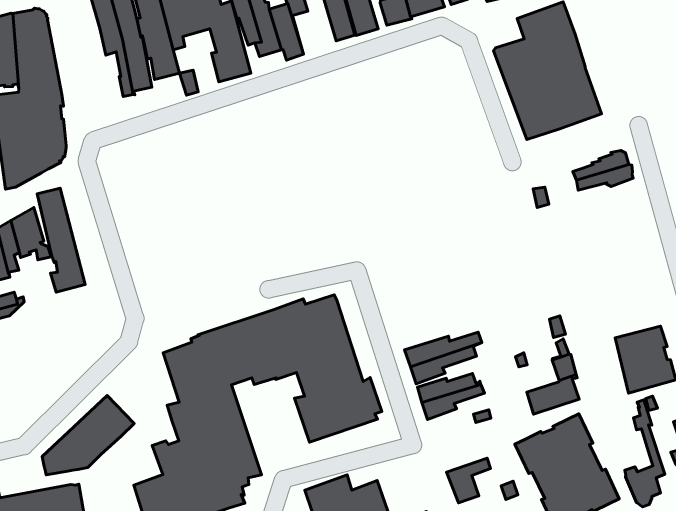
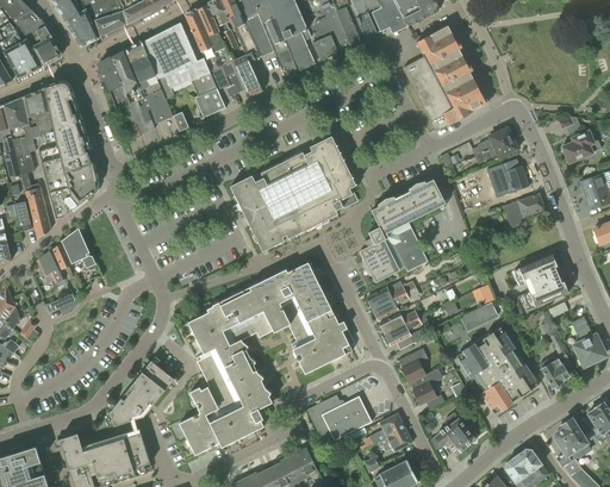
building: none -> [230,136,356,251]
building: [37,188,85,292] -> none
building: none -> [490,164,534,198]
building: none -> [360,179,443,282]
building: none -> [504,193,544,227]
building: none -> [393,227,428,271]
building: none -> [398,348,437,382]

